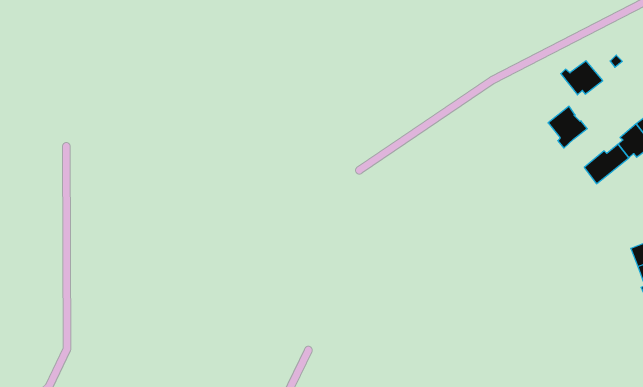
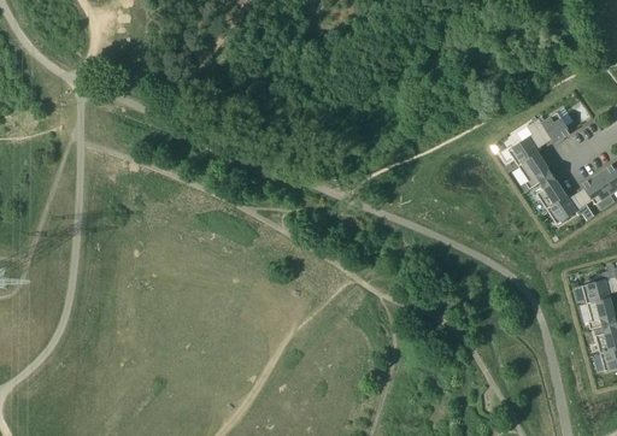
building: none -> [510,122,548,165]
building: none -> [537,173,568,208]

